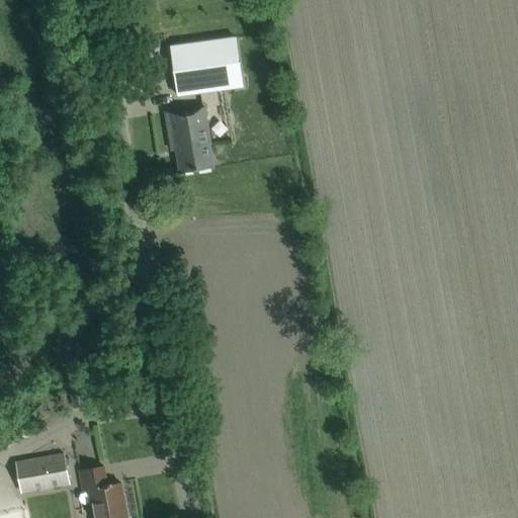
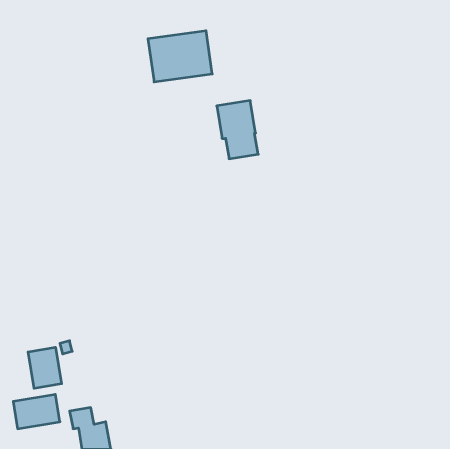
building: [167,107,214,174] -> [217,101,258,159]
building: none -> [28,347,62,388]

